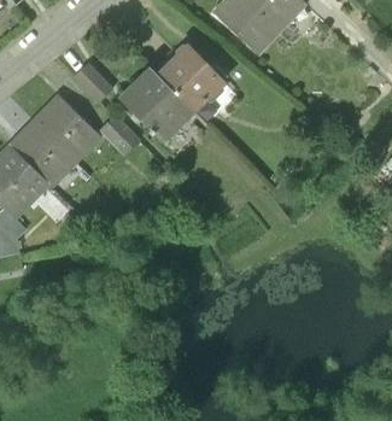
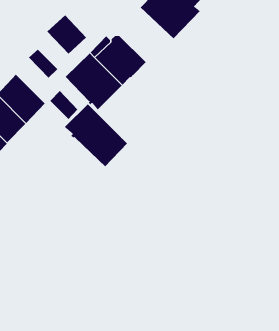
building: none -> [47,15,87,54]
building: none -> [64,103,128,167]

